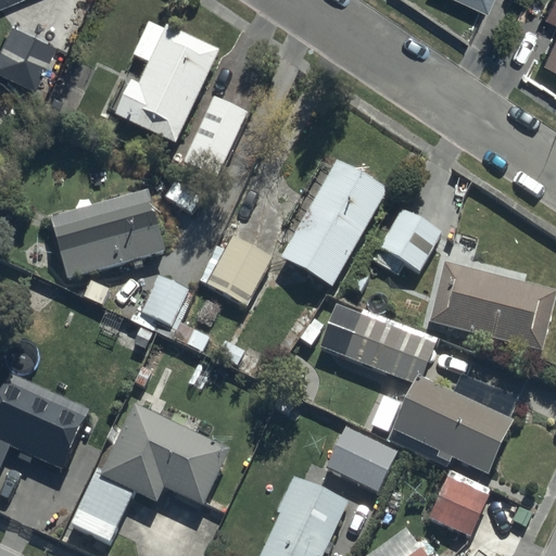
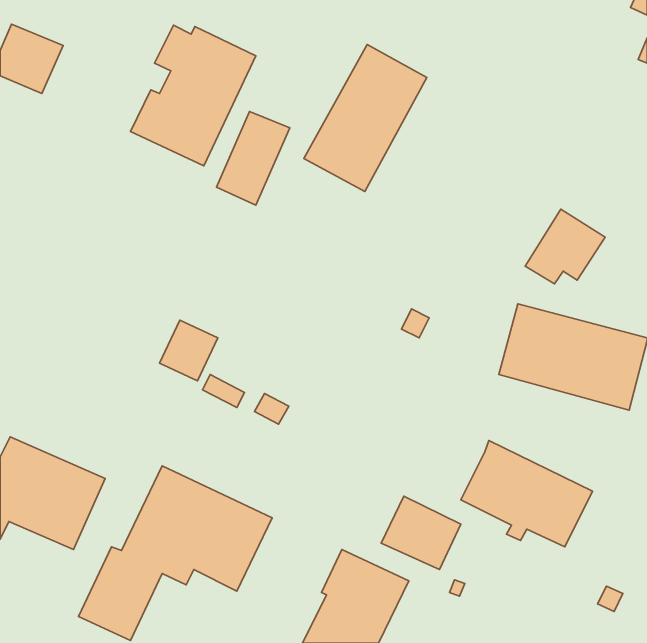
building: [281,162,387,288] -> [304,45,427,191]
building: [49,188,167,278] -> none
building: [371,208,440,273] -> [525,209,605,284]
building: [197,233,274,307] -> none
building: [316,304,433,388] -> none
building: [426,472,492,536] -> none

